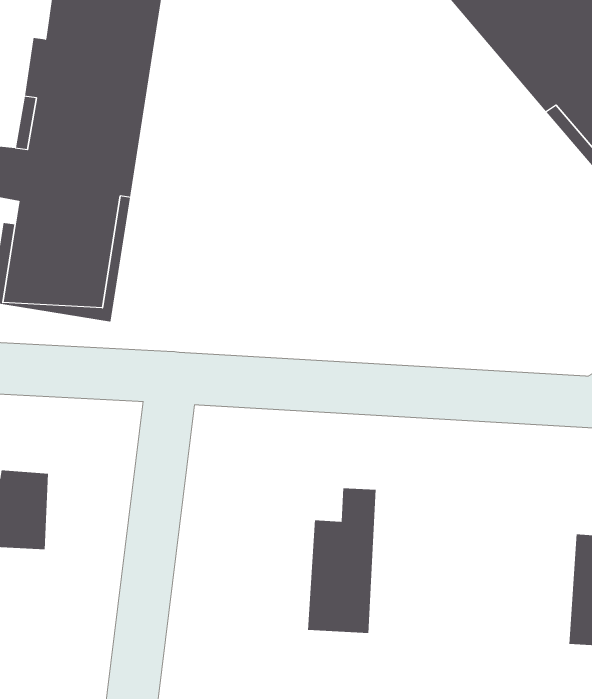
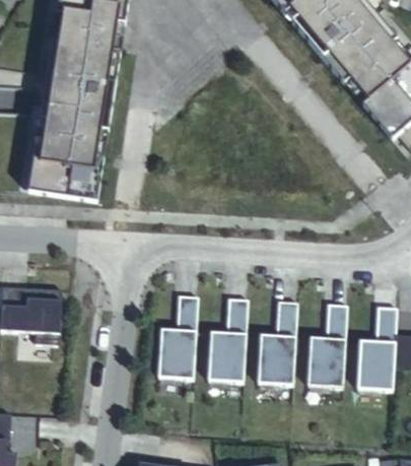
building: none -> [158,294,198,378]
building: none -> [258,299,297,384]
building: none -> [307,303,347,386]

